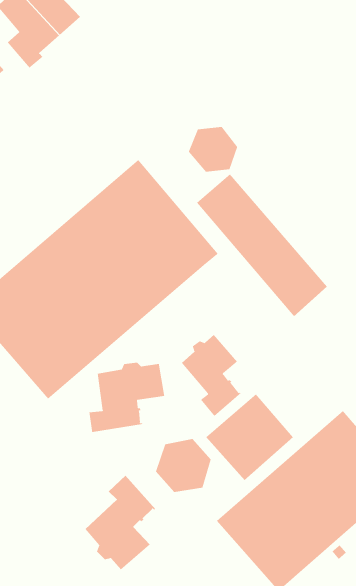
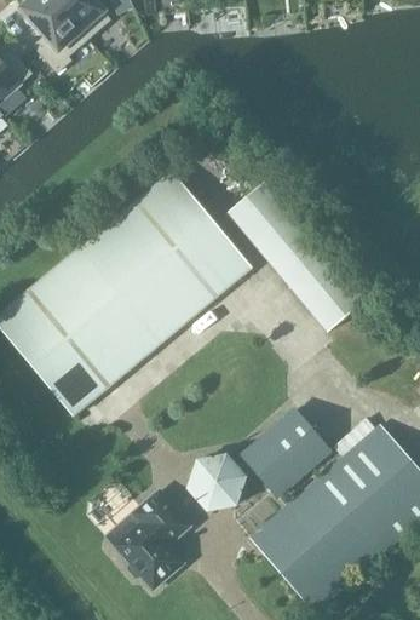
building: [188,126,238,172] -> none
building: [181,334,242,417] -> none
building: [89,362,165,433] -> none

